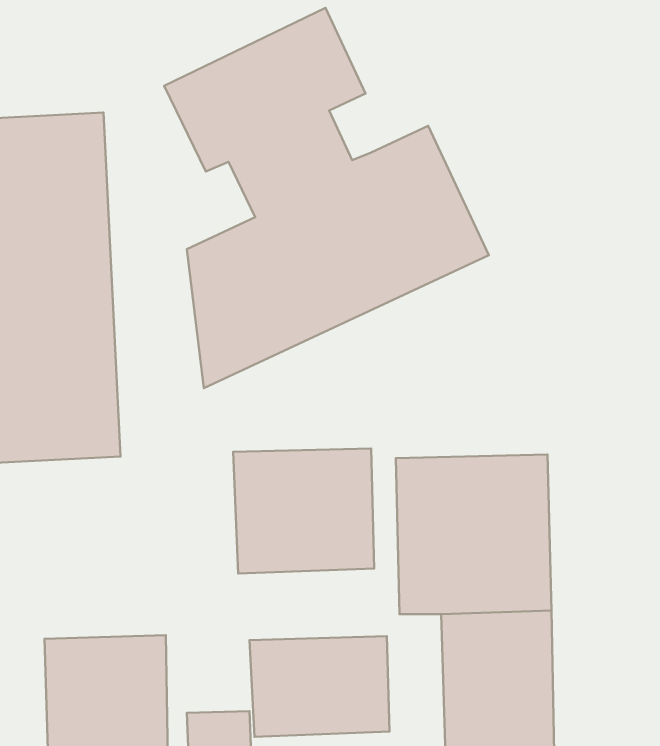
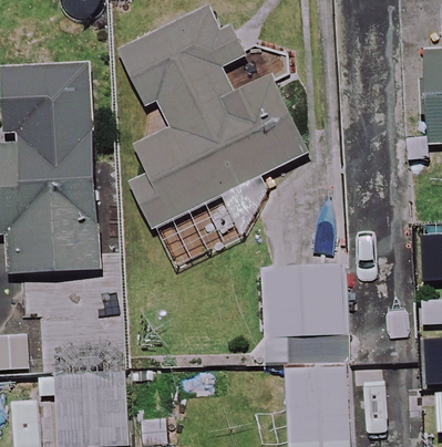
building: [233,448,374,574] -> none
building: [249,636,389,737] -> none

